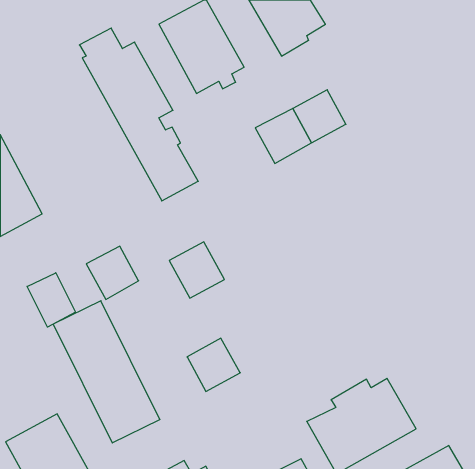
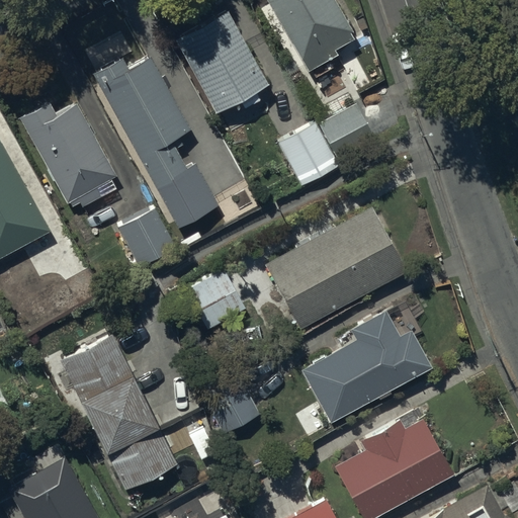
building: none -> [19,102,117,207]
building: none -> [266,206,408,330]
building: [86,246,139,299] -> [119,209,176,267]
building: [27,273,75,327] -> none
building: none -> [301,310,432,422]

